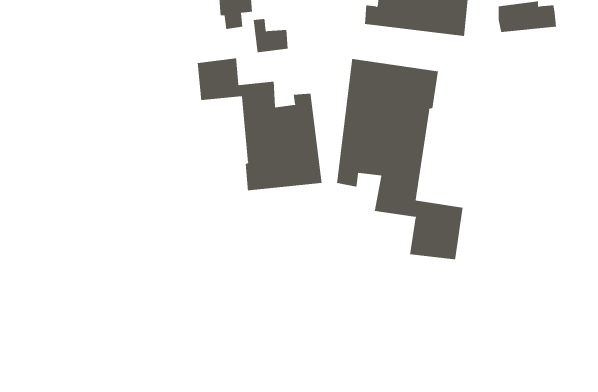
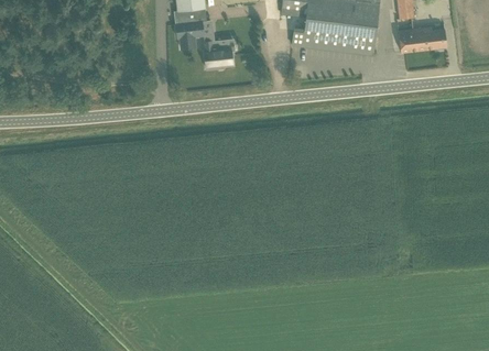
building: [197,57,322,191] -> none
building: [336,58,463,260] -> none

